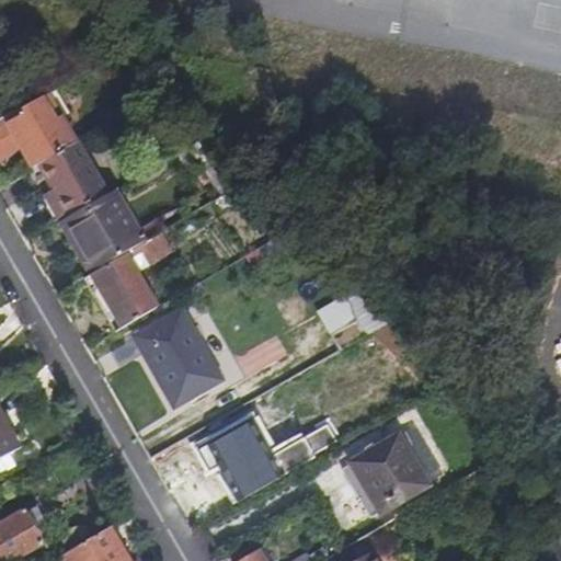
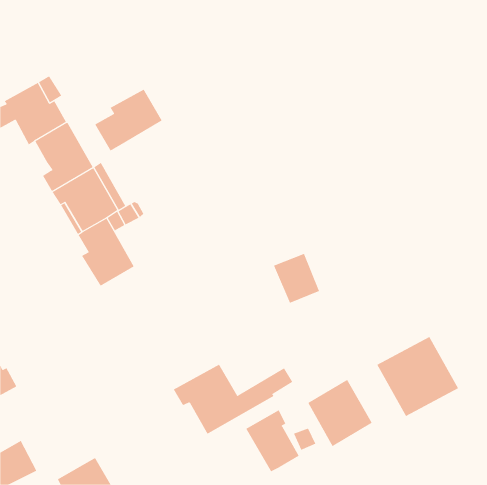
building: none -> [94,89,162,152]
building: [133,308,222,407] -> none
building: none -> [376,336,459,417]
building: none -> [245,410,300,473]

